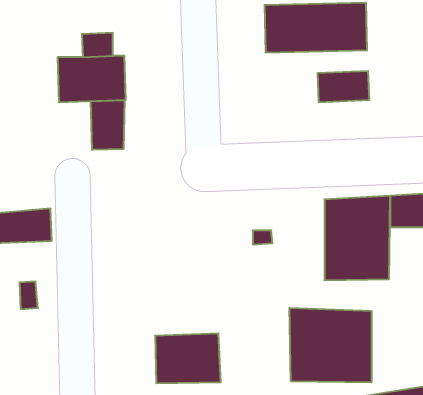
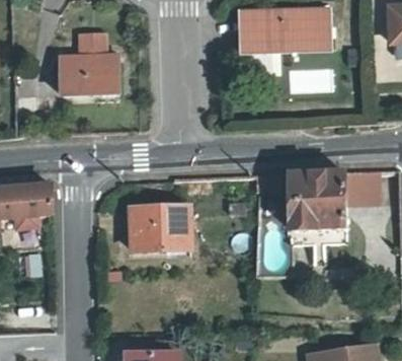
building: [91,100,125,150] -> none
building: [290,308,371,382] -> none
building: [155,333,221,383] -> [129,210,186,254]

